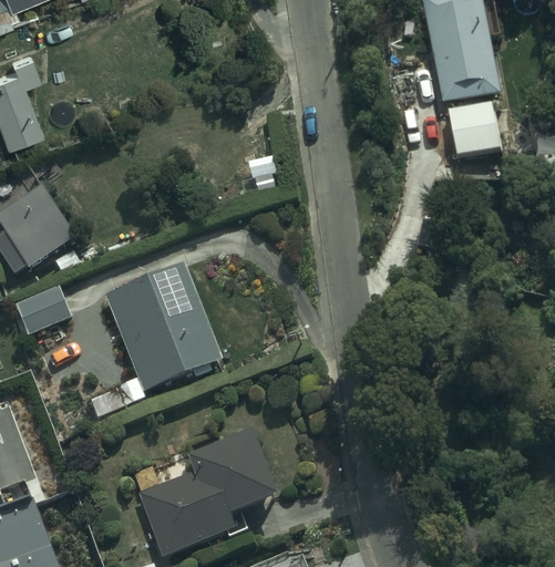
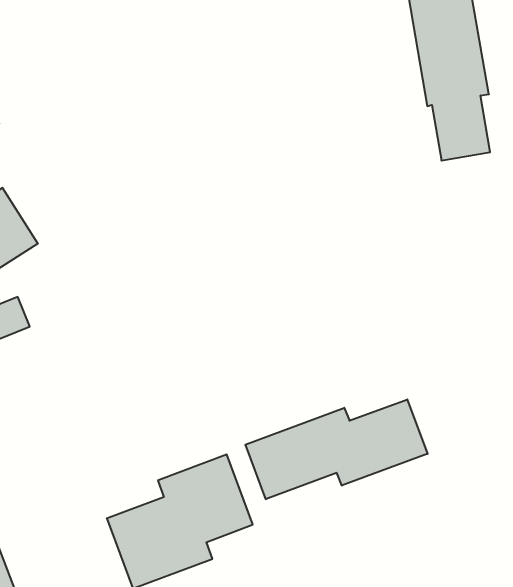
building: [92,262,225,414] -> none
building: none -> [245,399,428,499]

